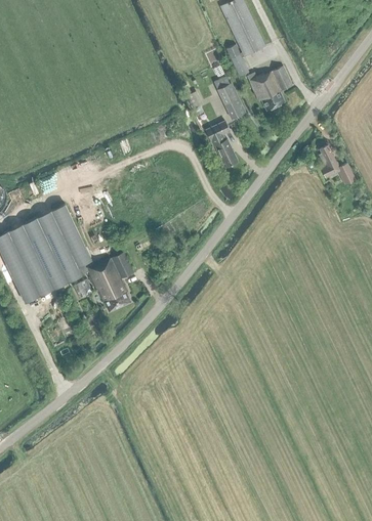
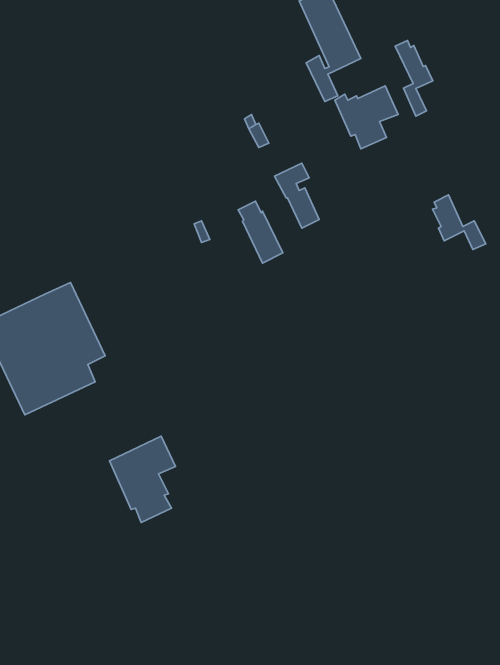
building: none -> [395,41,433,116]
building: [214,77,246,121] -> [238,201,283,263]
building: [87,251,134,312] -> [110,436,176,523]

